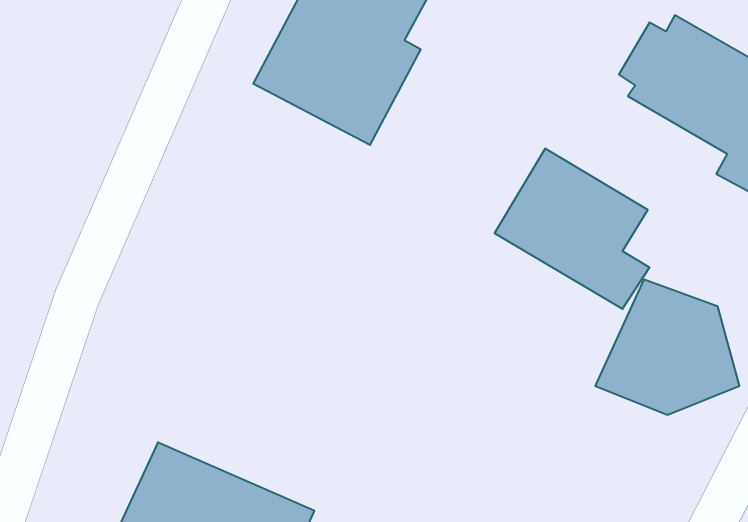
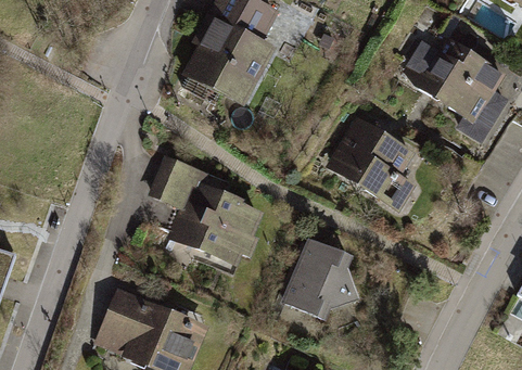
building: none -> [150,156,267,271]
building: [595,280,739,415] -> [278,240,365,321]

